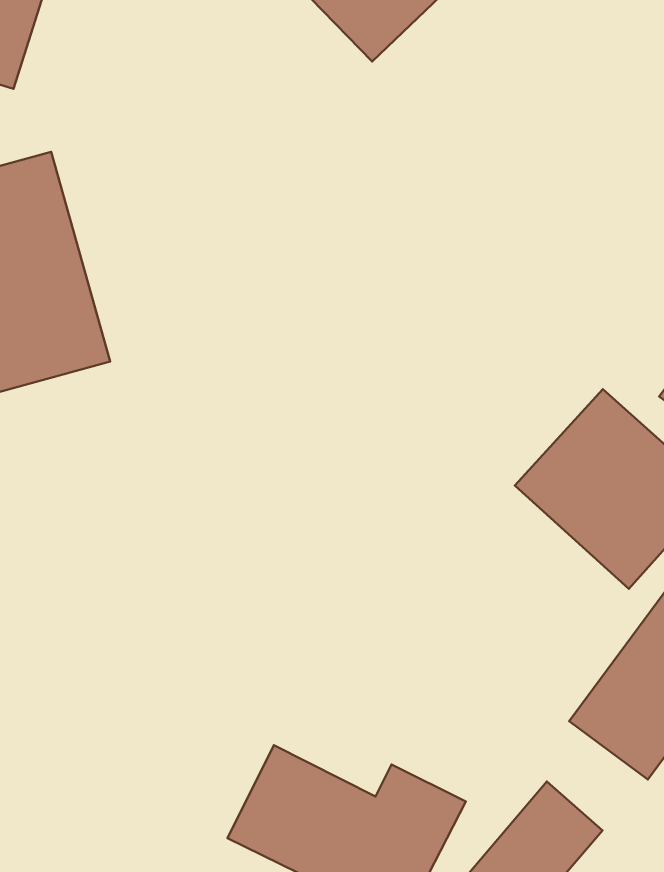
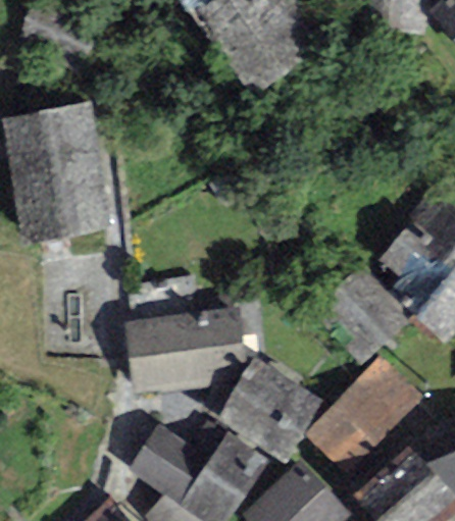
building: none -> [132,309,237,386]
building: none -> [228,365,317,453]

